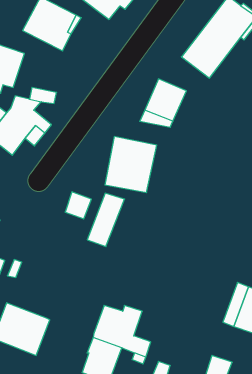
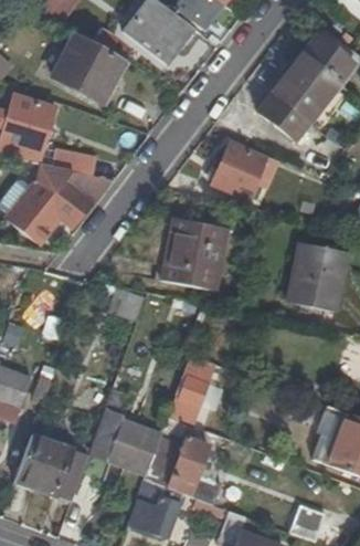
building: none -> [288,240,347,311]
building: [87,193,125,247] -> [167,356,215,426]
building: none -> [89,408,160,473]

